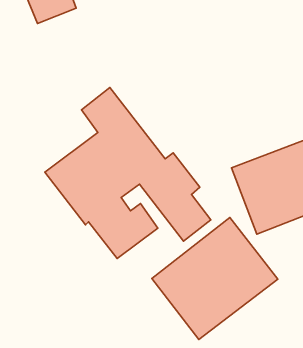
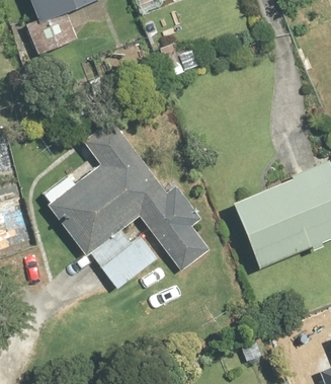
building: [152,218,278,339] -> none

